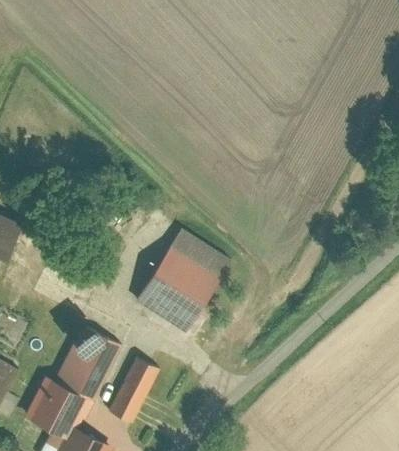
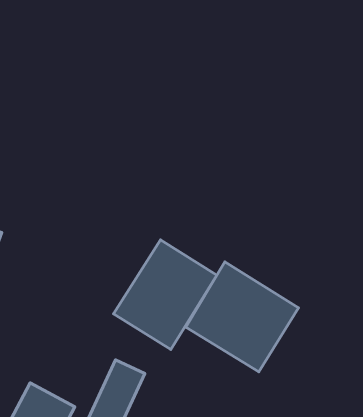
building: none -> [186,262,298,372]
building: [53,325,121,398] -> none

